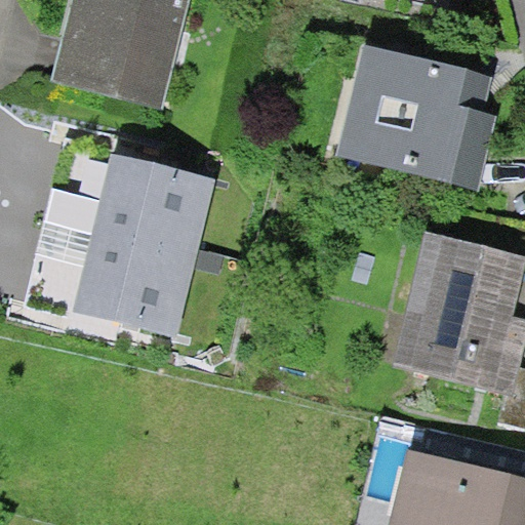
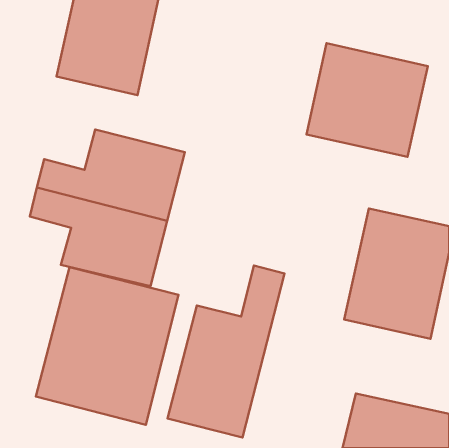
building: none -> [168,265,285,438]
building: none -> [36,267,179,425]

